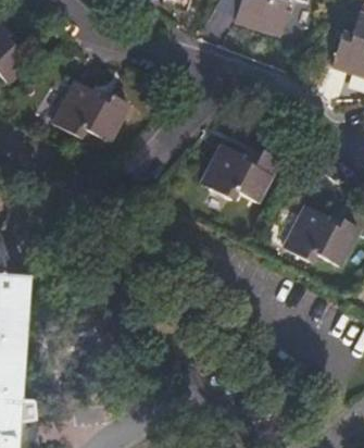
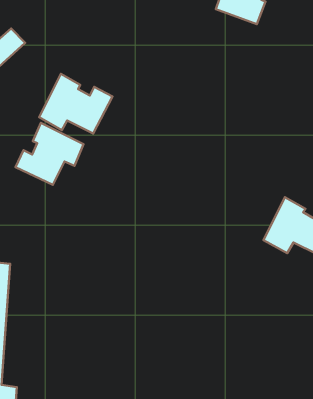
building: none -> [16,123,84,185]
building: [202,145,278,203] -> none

